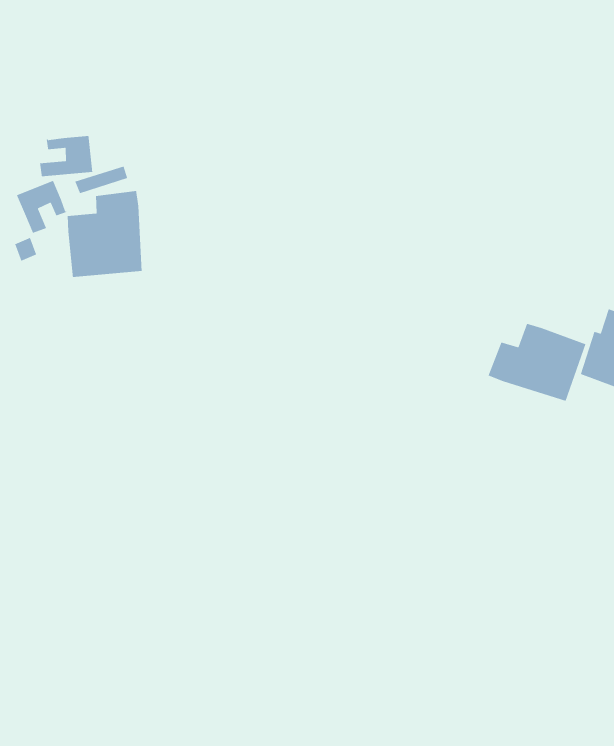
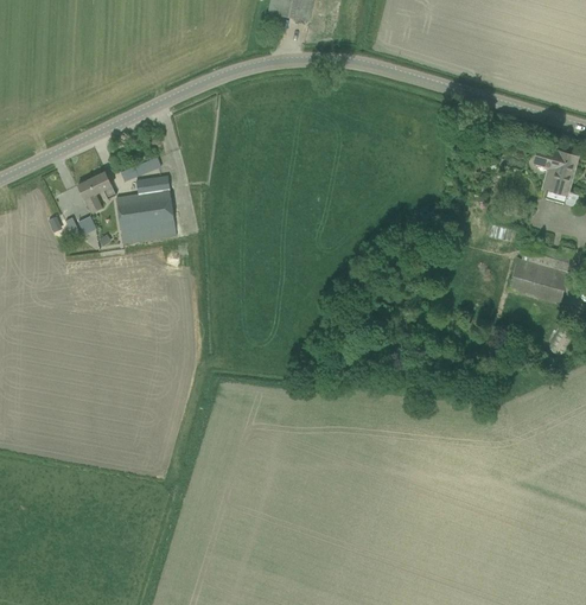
building: [39,135,93,177] -> none
building: [487,323,587,402] -> none

